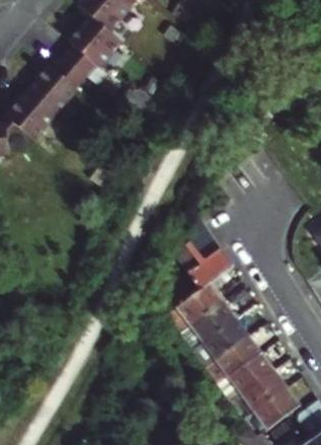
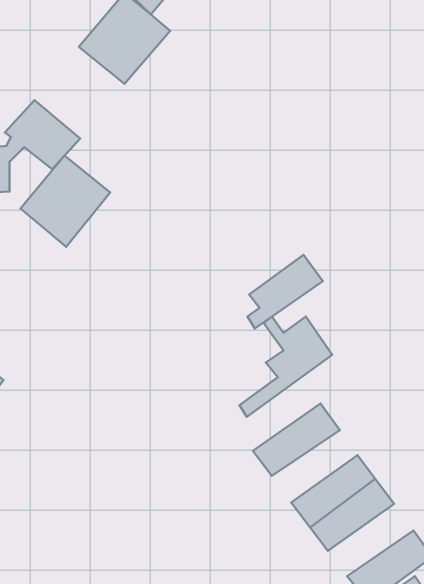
building: [26,54,88,117] -> [20,156,110,247]
building: [171,281,223,331] -> [248,255,323,328]
building: [189,317,248,367] -> none
building: [228,368,287,418] -> none

